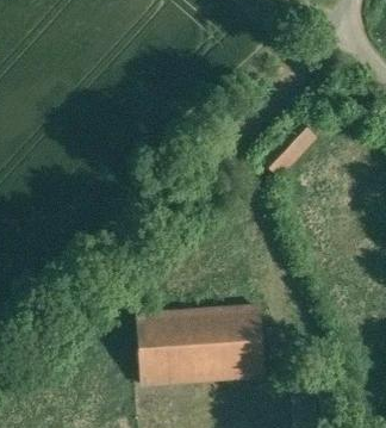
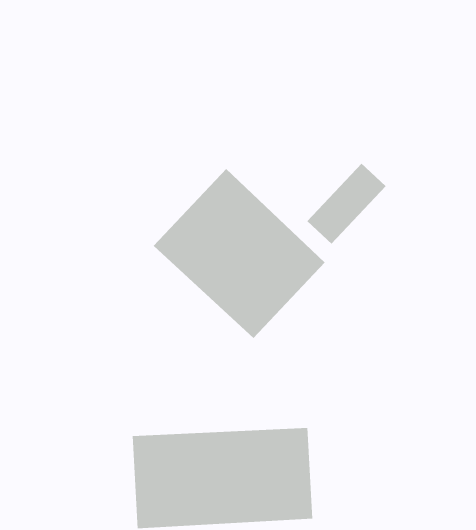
building: none -> [153,168,326,339]

